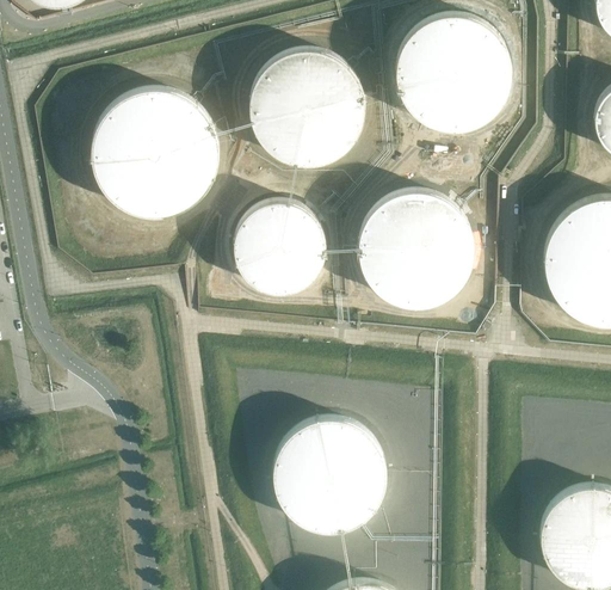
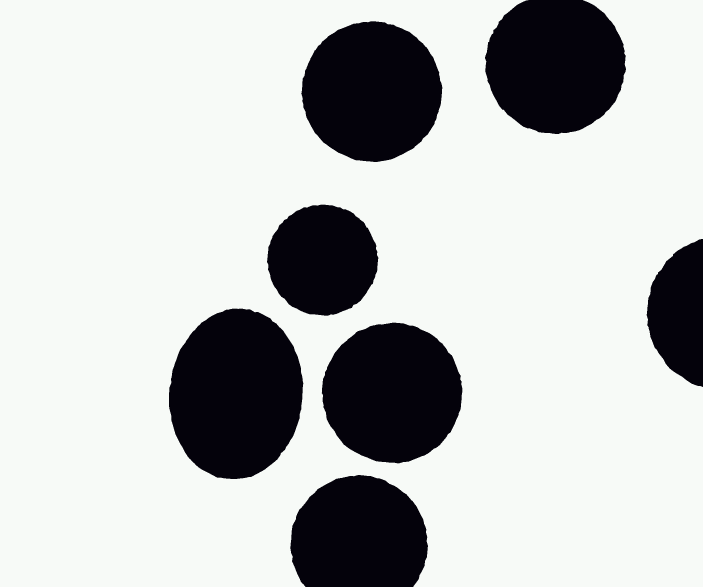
building: [92,91,218,217] -> none
building: [358,192,473,307] -> [321,322,463,464]
building: none -> [168,308,304,480]

